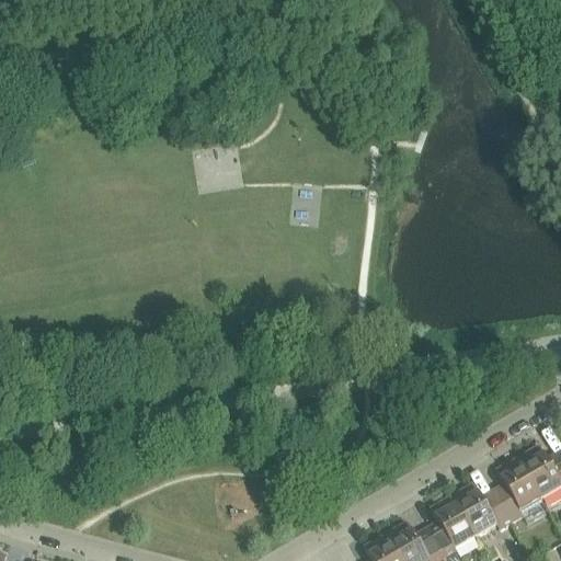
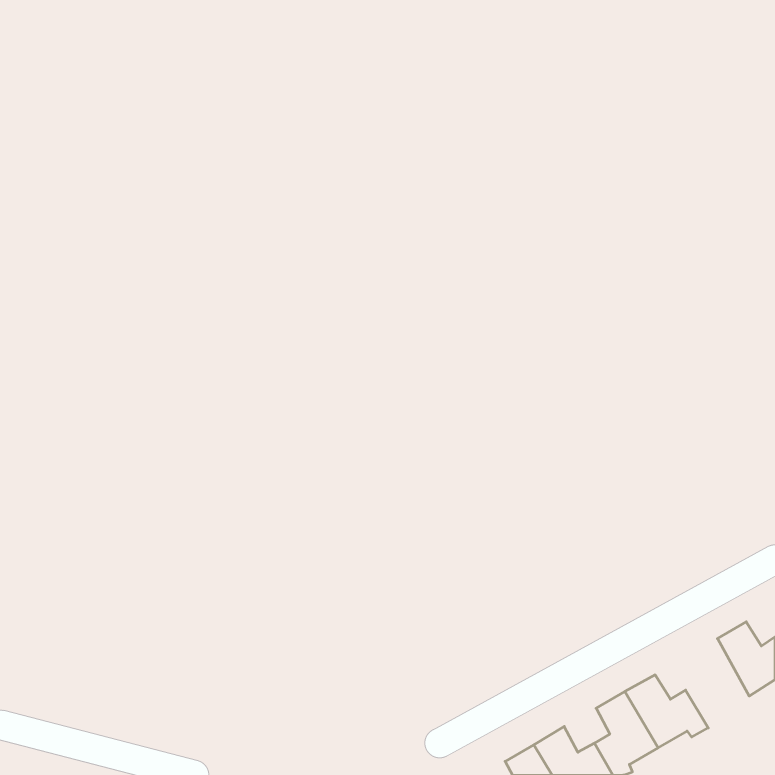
building: [495,461,541,526] -> none

